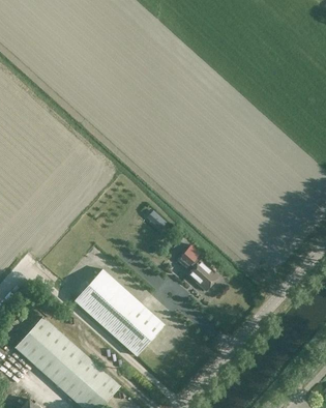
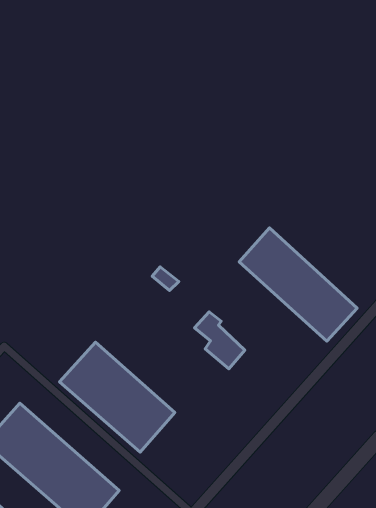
building: none -> [239,228,357,341]

